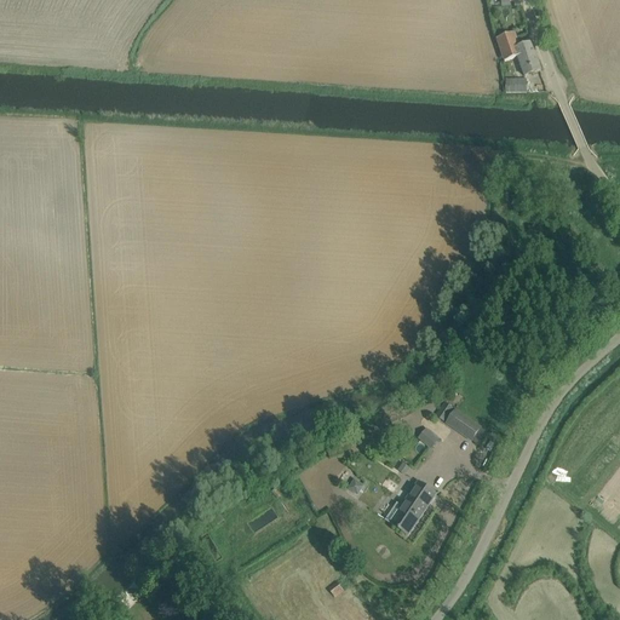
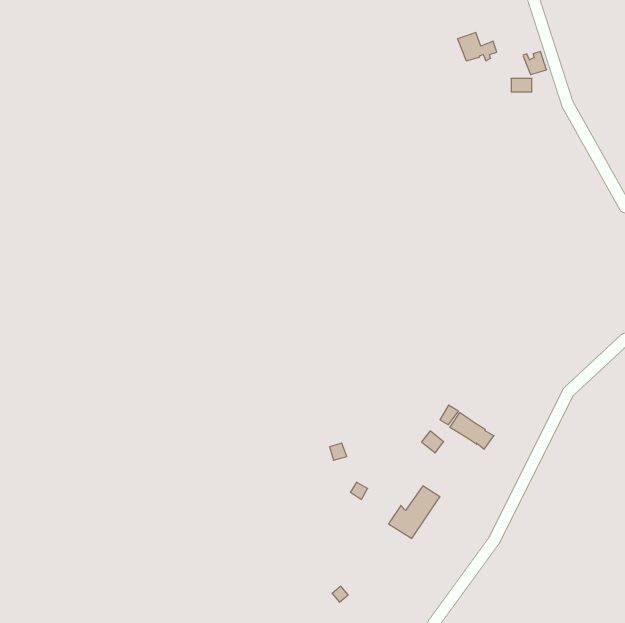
building: [495,31,534,59] -> [458,33,497,61]

